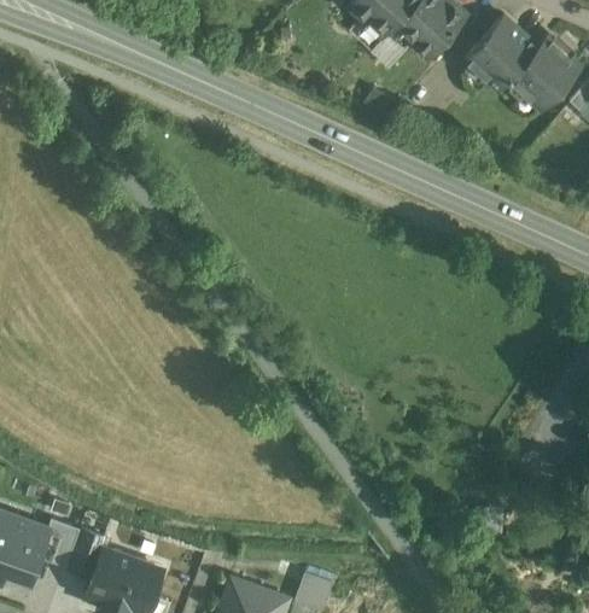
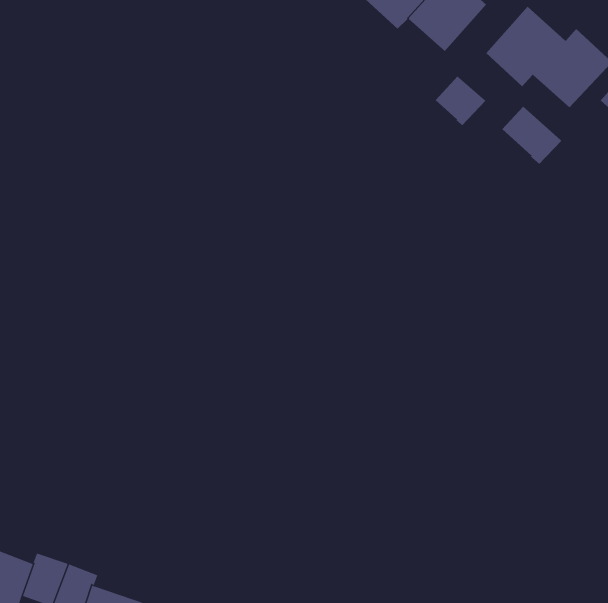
building: none -> [435,75,486,126]
building: none -> [502,106,562,165]

